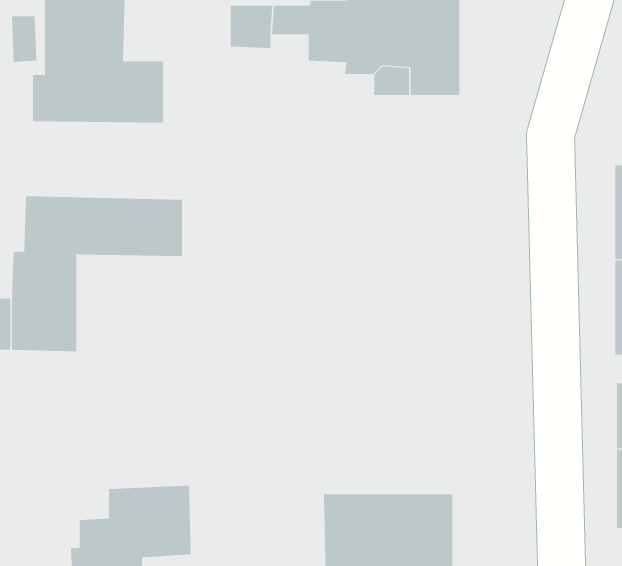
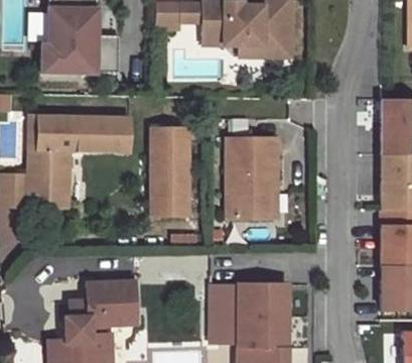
building: none -> [160,129,197,215]
building: none -> [236,139,285,219]

